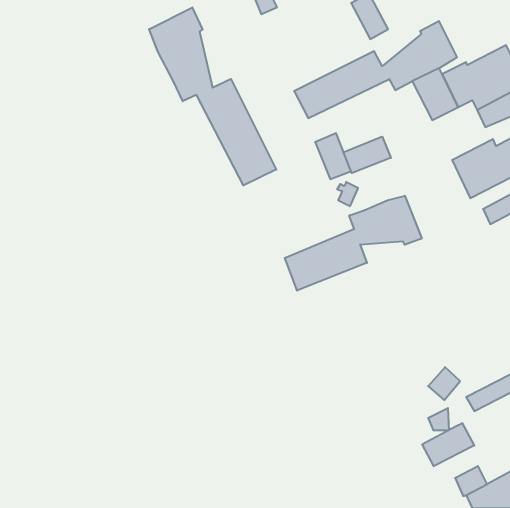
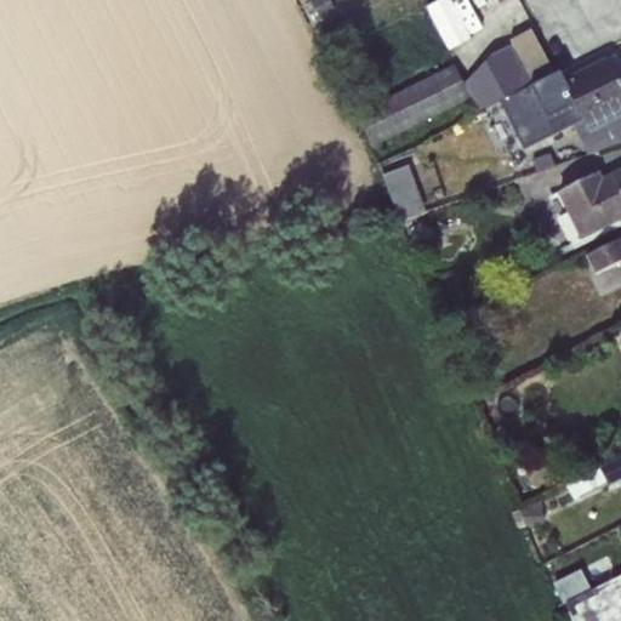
building: [149,7,276,185] -> none
building: [344,137,391,173] -> none
building: [285,196,422,291] -> none
building: [422,423,474,466] -> none

